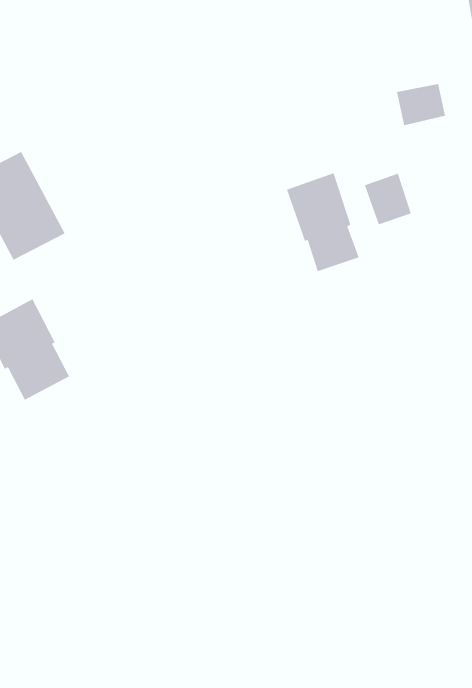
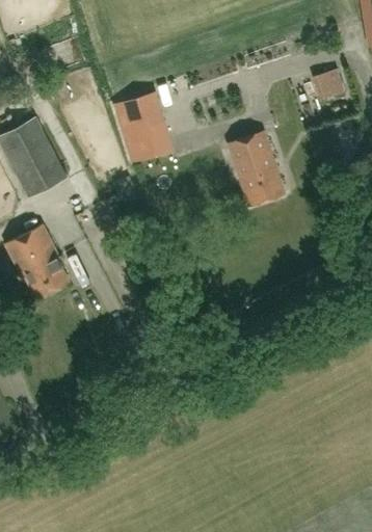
building: none -> [121,95,171,160]
building: [364,173,411,225] -> none

